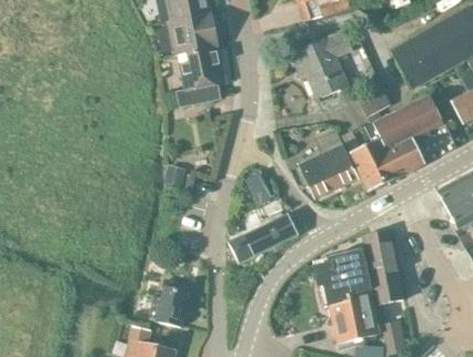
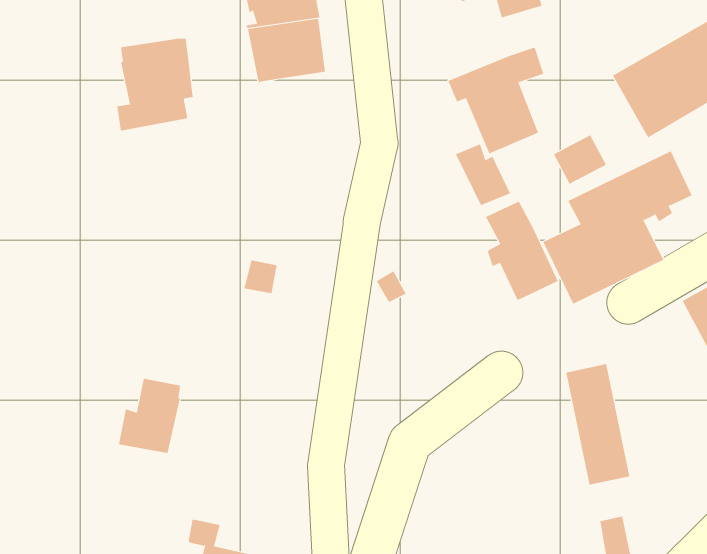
building: [177,49,224,106] -> [117,38,194,131]
building: [300,160,334,198] -> [455,143,511,206]
building: [230,208,298,259] -> none
building: [316,247,380,341] -> none
building: [149,279,188,326] -> [118,378,181,453]

